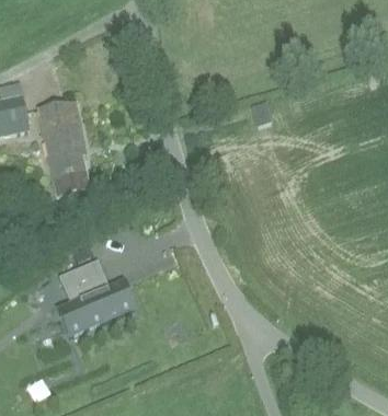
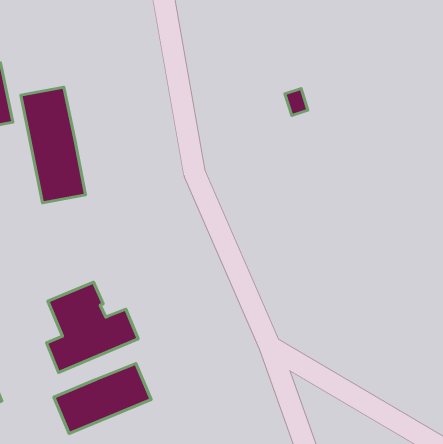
building: none -> [54,363,151,433]

